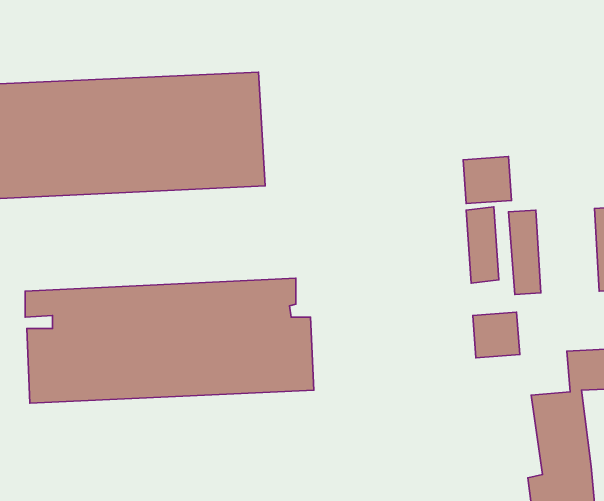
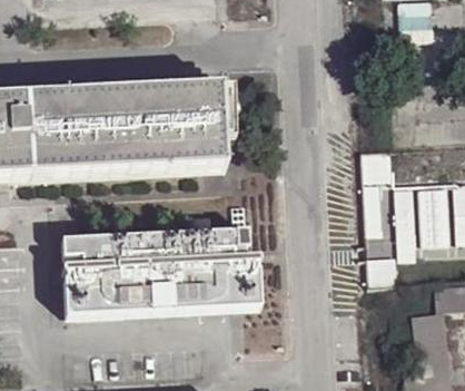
building: none -> [418,183,447,241]

